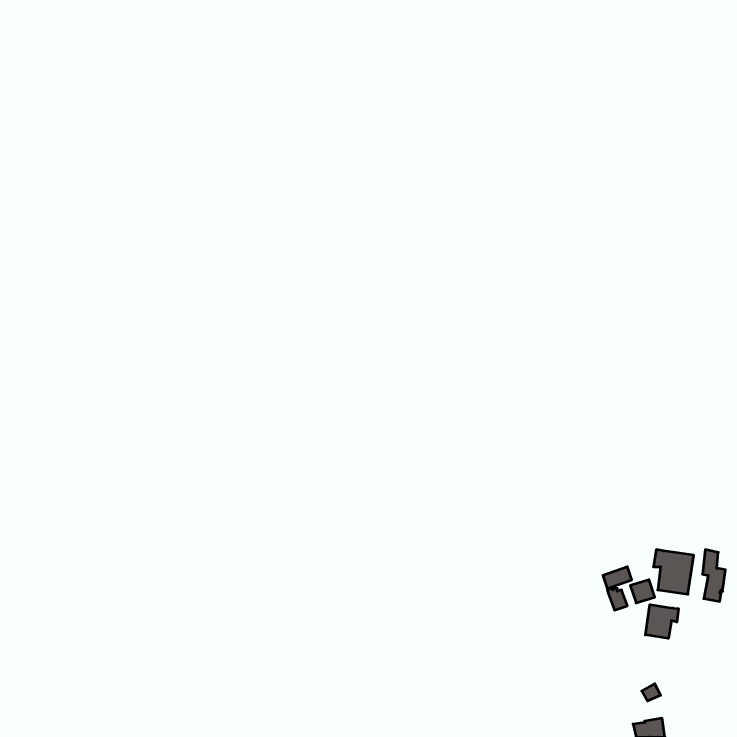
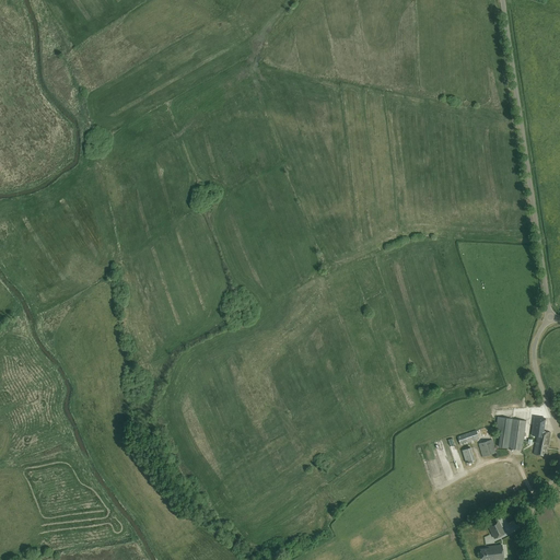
building: [645,605,678,638] -> none

